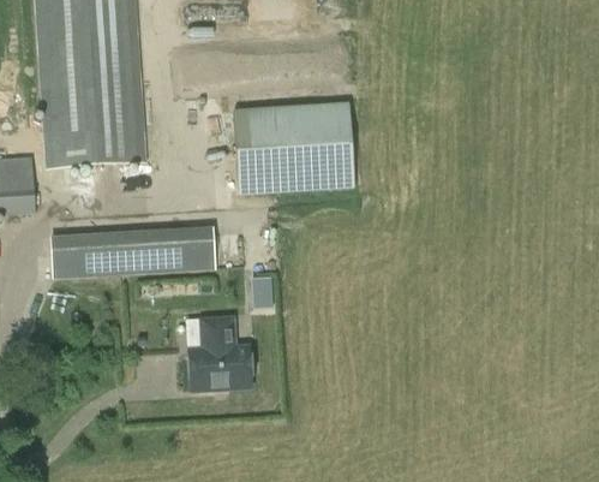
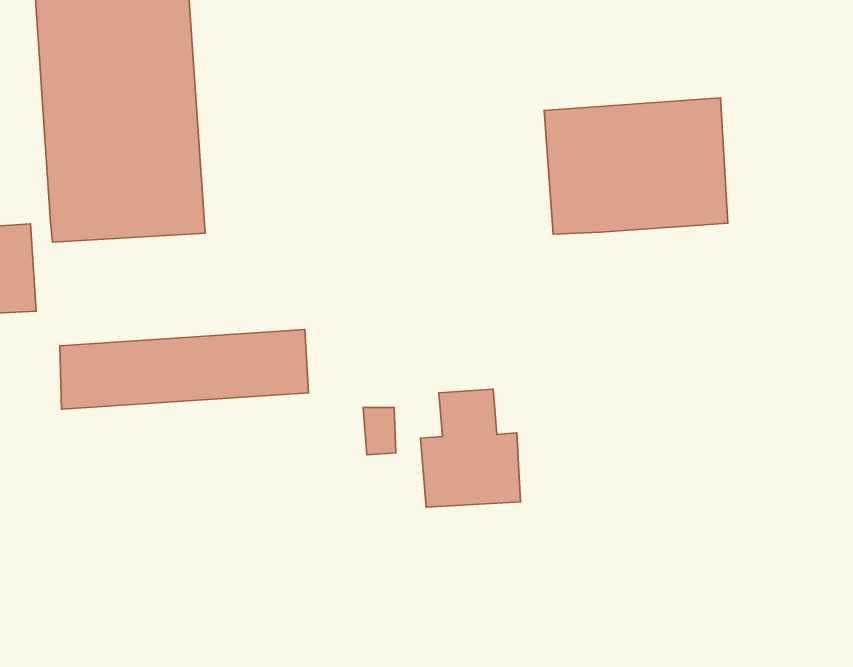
building: [234,103,355,194] -> [544,98,728,234]
building: [186,314,252,392] -> [421,389,521,507]

